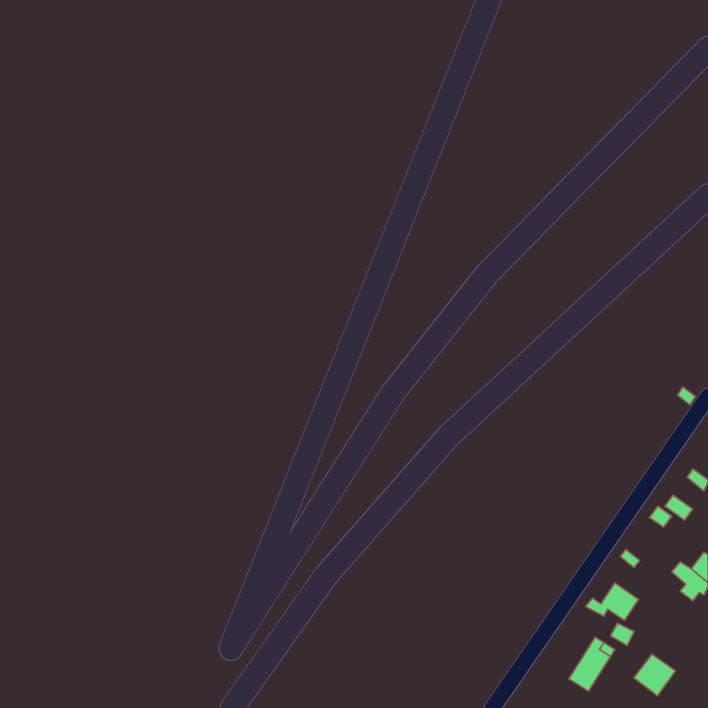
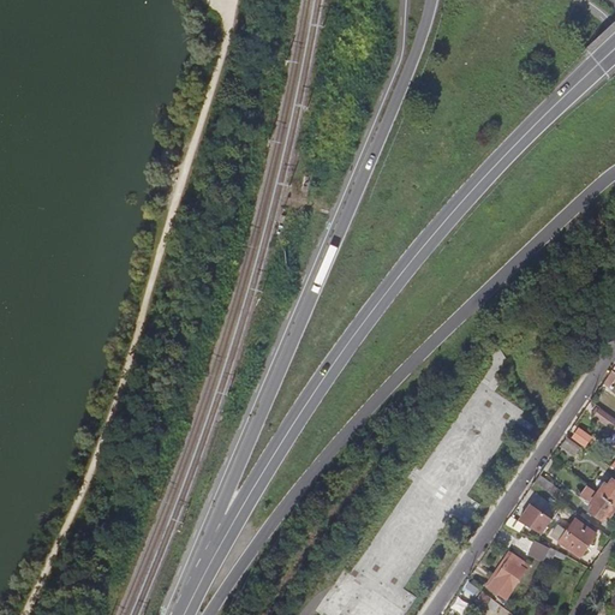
building: [634,654,676,696] -> [557,519,593,555]

